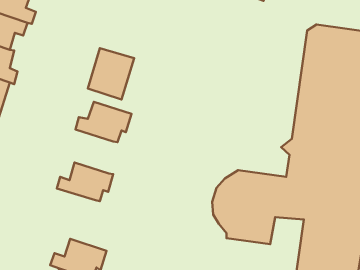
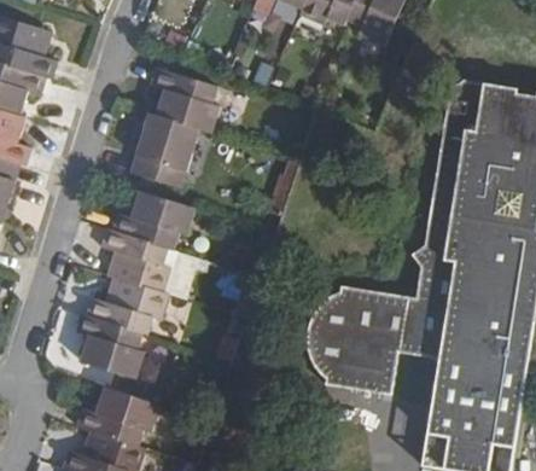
building: none -> [151,68,219,133]
building: none -> [100,228,169,293]
building: none -> [75,313,146,379]

